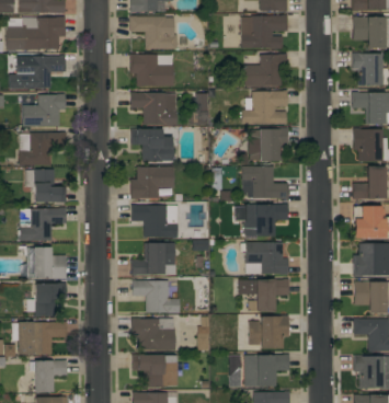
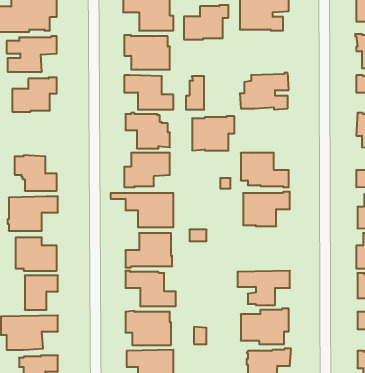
building: [244,54,287,87] -> [184,5,228,39]
building: [248,128,288,161] -> [192,116,234,150]
building: [19,133,66,165] -> none
building: [241,242,288,275] -> none

